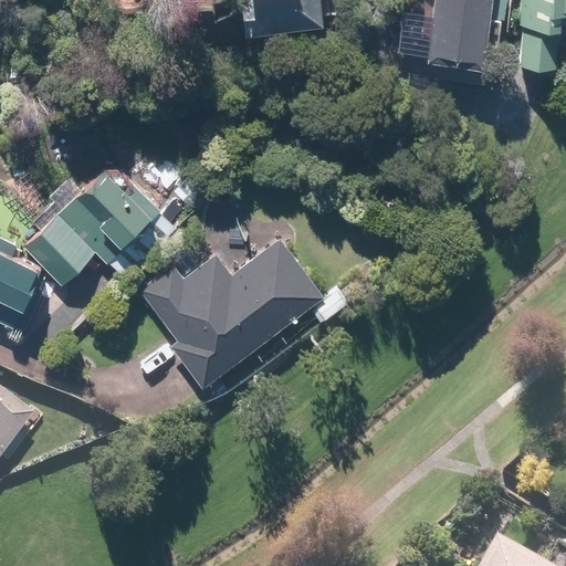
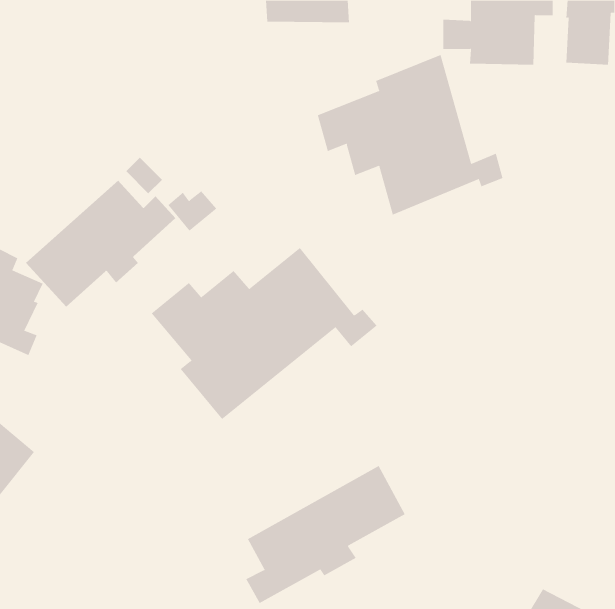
building: none -> [317,54,503,215]
building: none -> [246,465,406,604]

